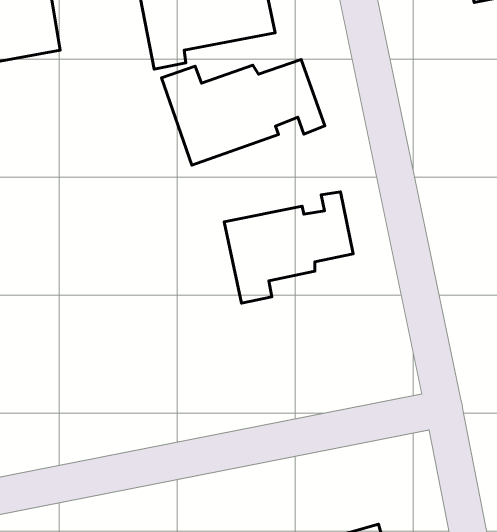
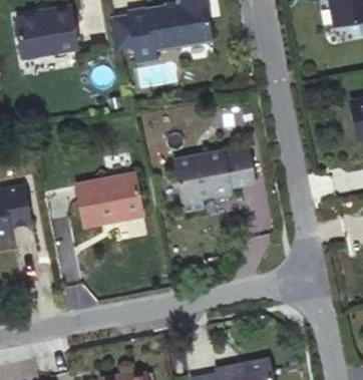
building: [161,59,325,165] -> none
building: none -> [76,171,146,228]

